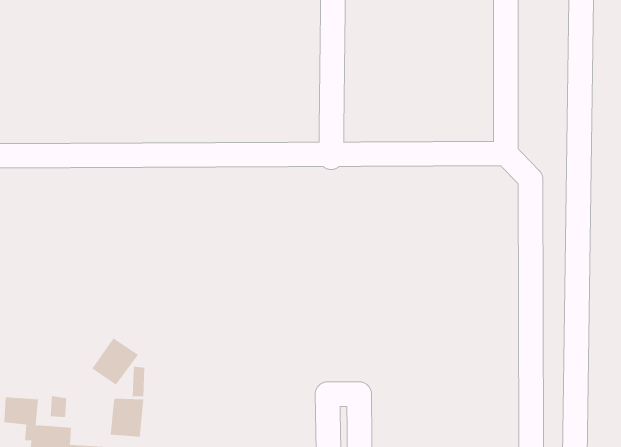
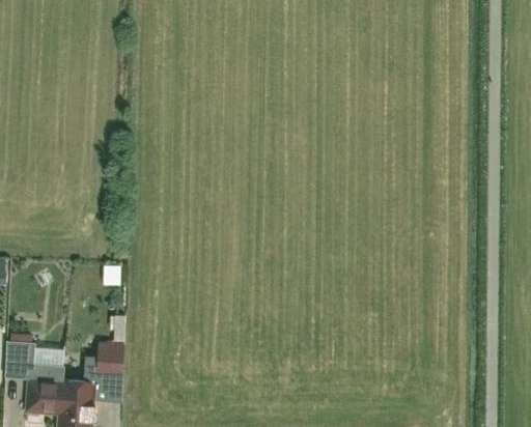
building: [91,337,139,386] -> none

